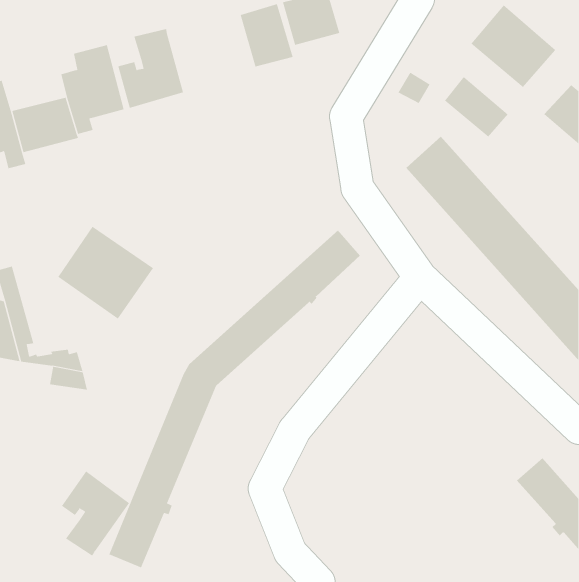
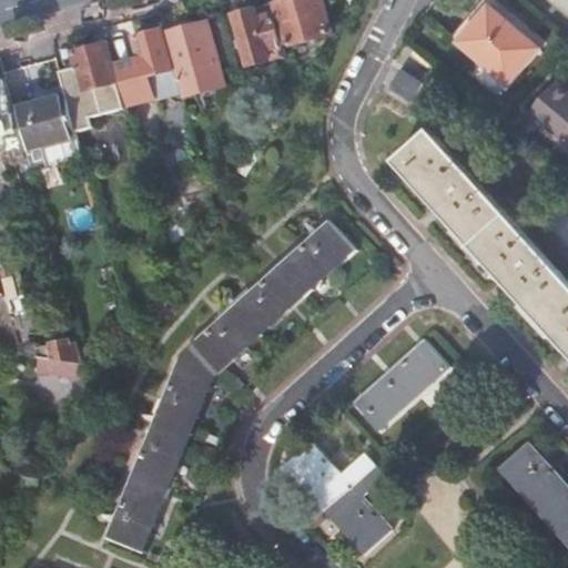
building: none -> [163,21,223,95]
building: [444,76,509,138] -> none
building: [58,226,154,319] -> none
building: none -> [354,341,446,428]
building: none -> [285,444,388,552]
building: [61,471,130,557] -> none

